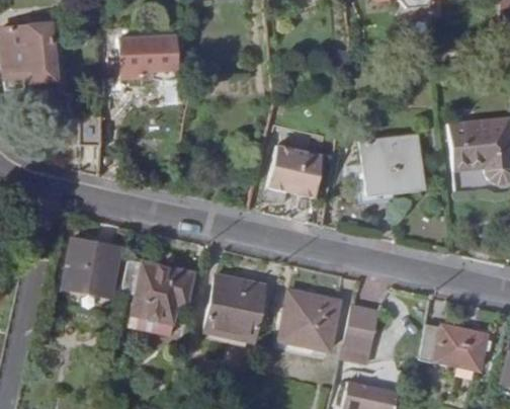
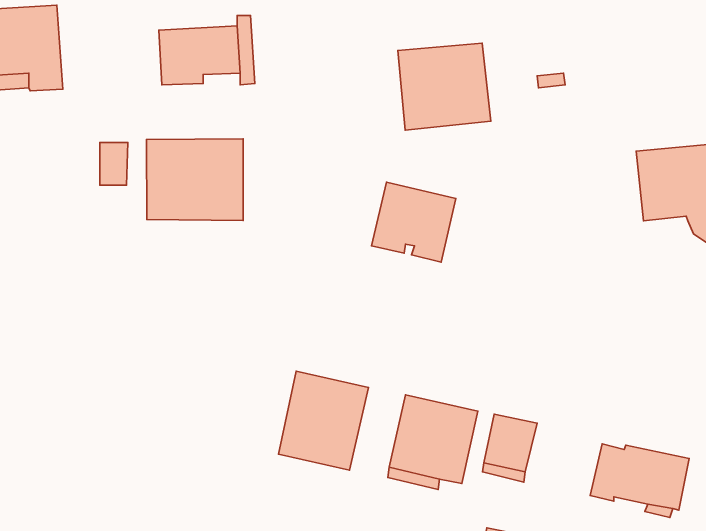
building: none -> [147,139,243,220]
building: [362,136,426,195] -> [398,43,491,130]
building: [66,242,117,294] -> none
building: [121,259,194,323] -> none

